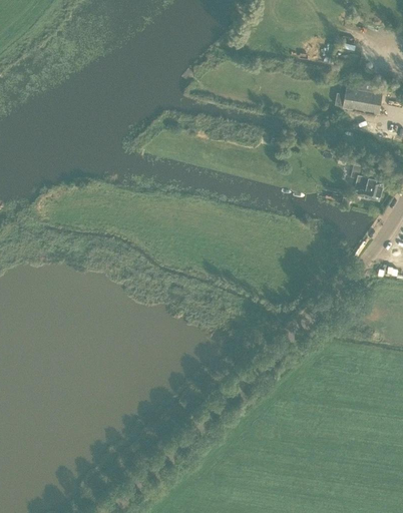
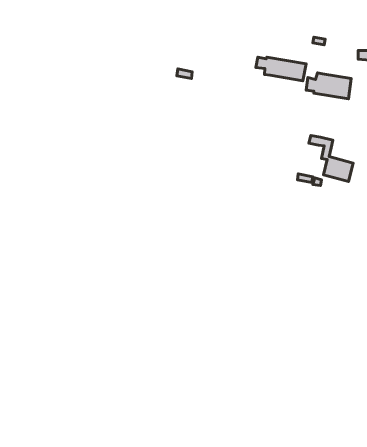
building: none -> [256,57,306,81]

